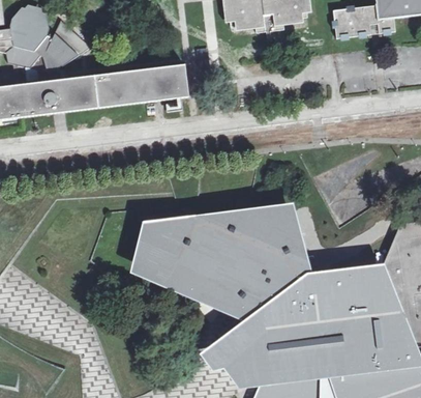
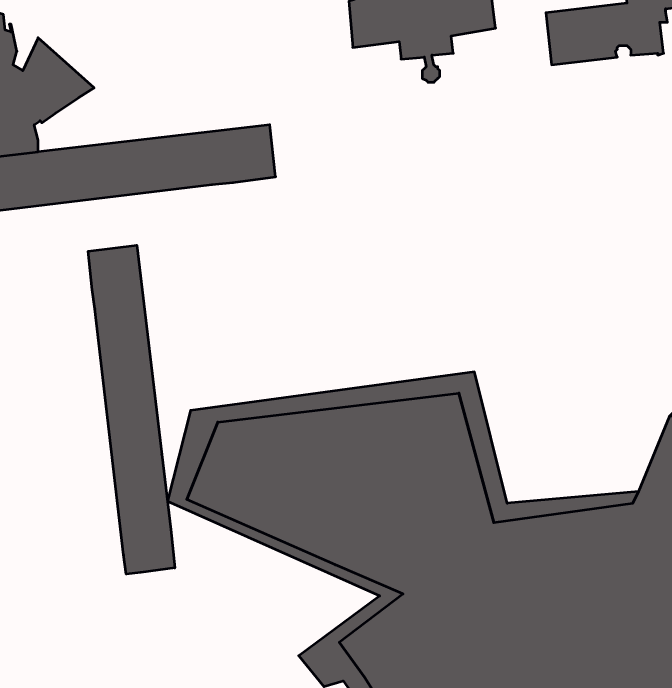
building: none -> [88,245,175,574]

